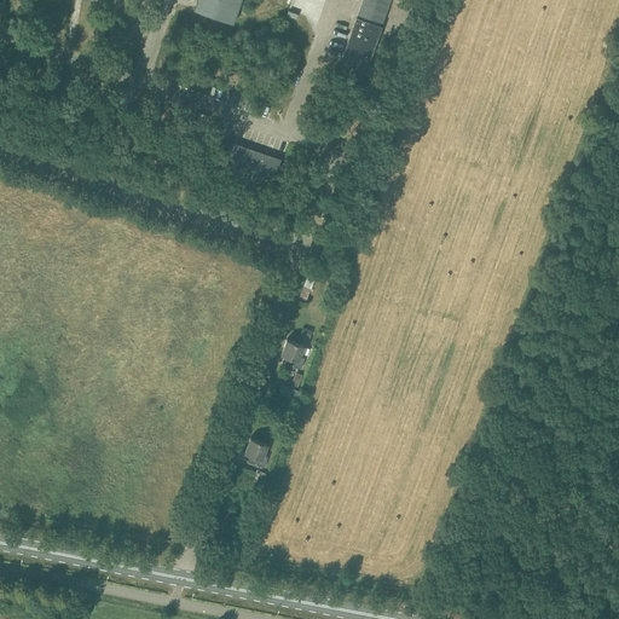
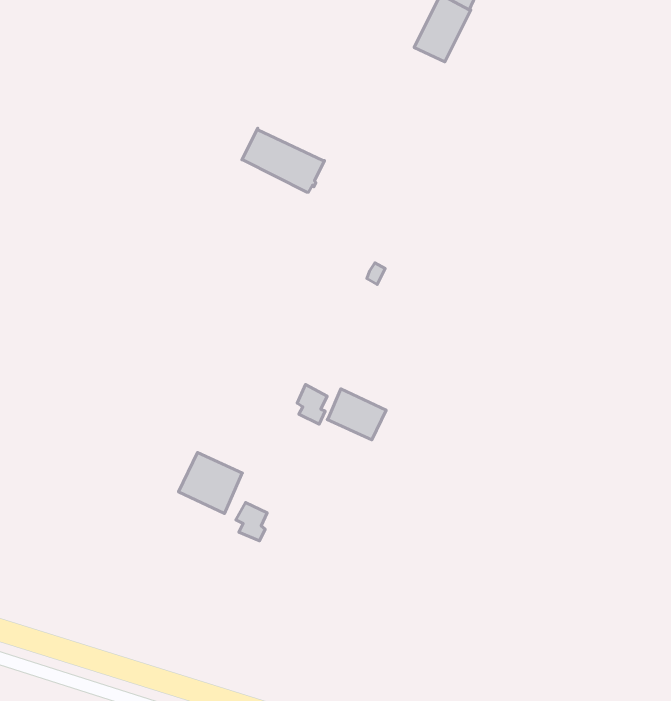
building: none -> [327,389,386,440]
building: none -> [178,453,243,513]

